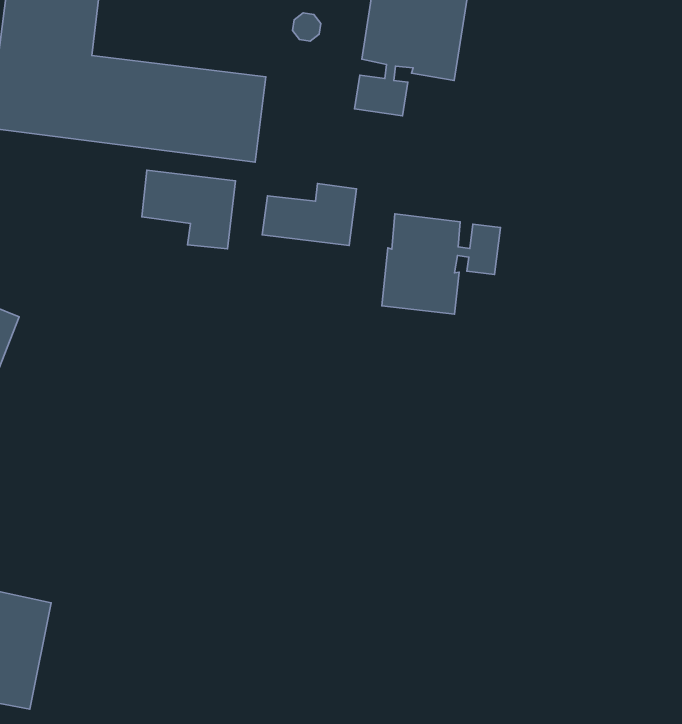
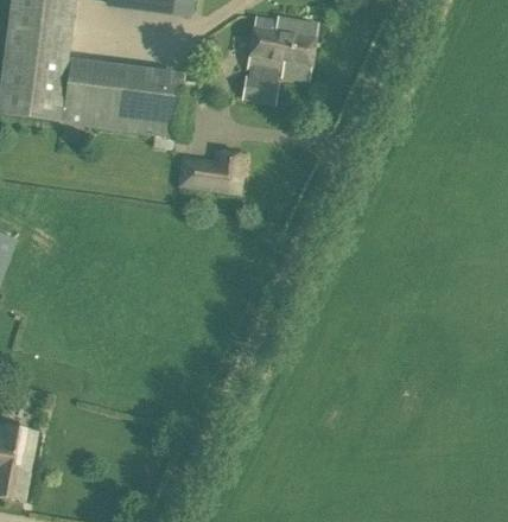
building: [142,170,236,249] -> none
building: [382,214,500,314] -> none

